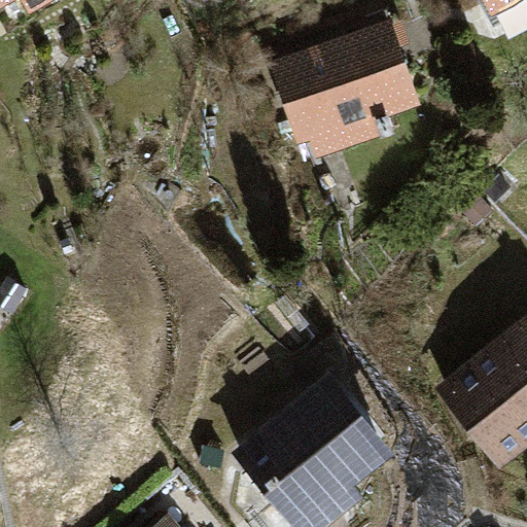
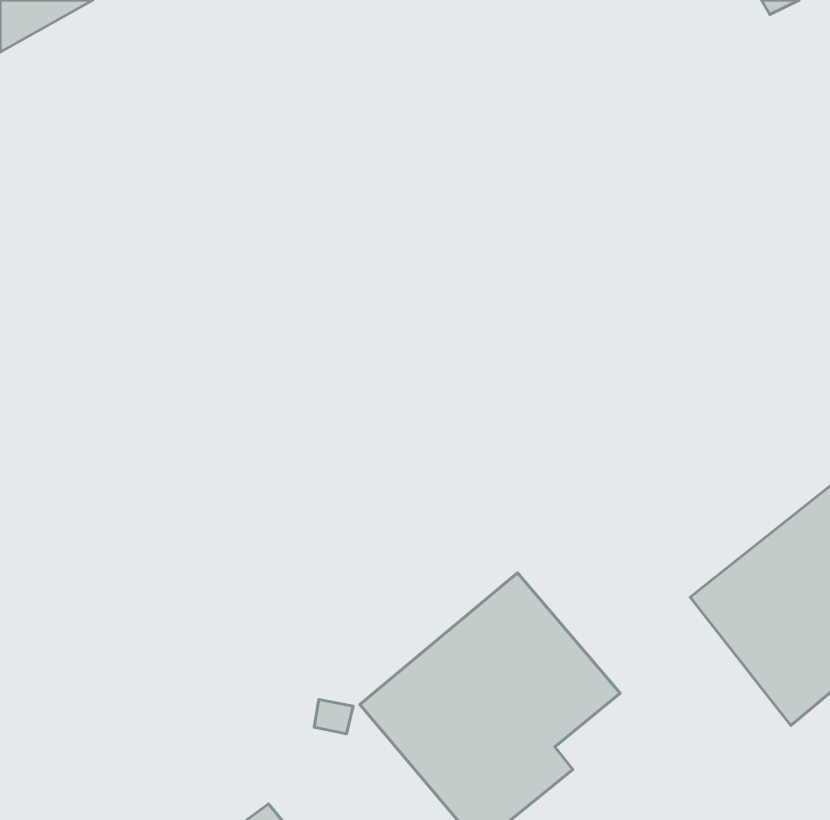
building: [270,20,421,161] -> none

